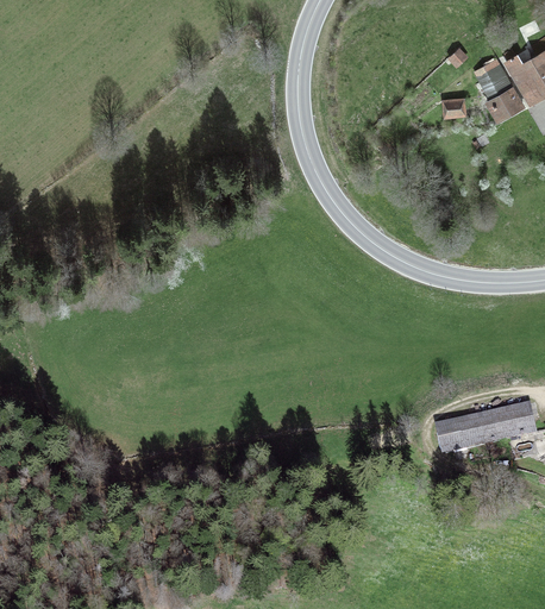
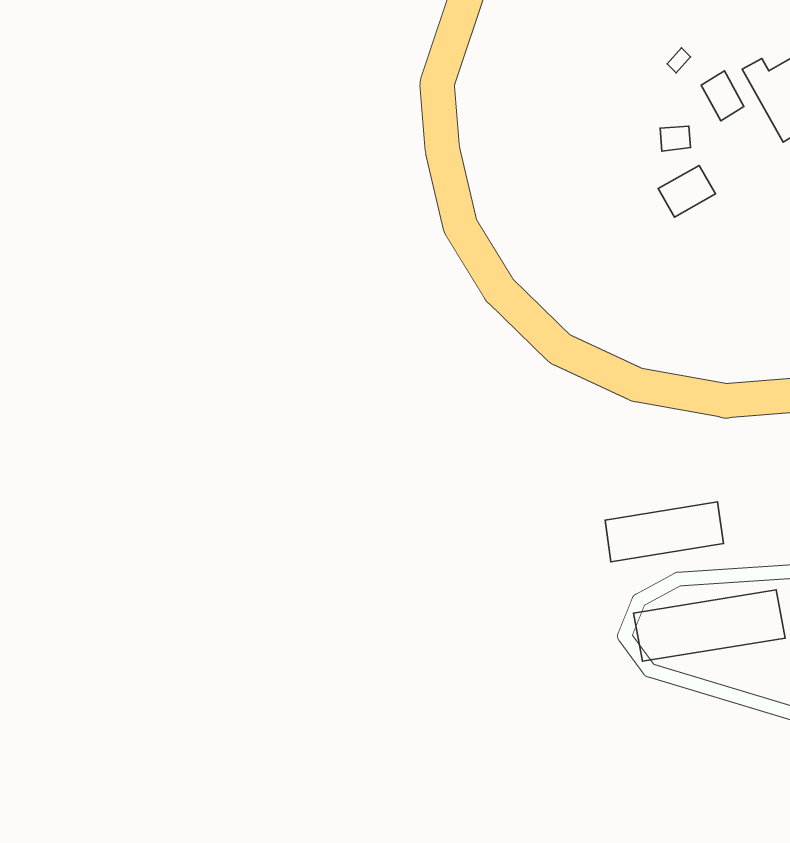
building: [488,84,526,119] -> [658,165,715,217]
building: none -> [605,502,723,562]

